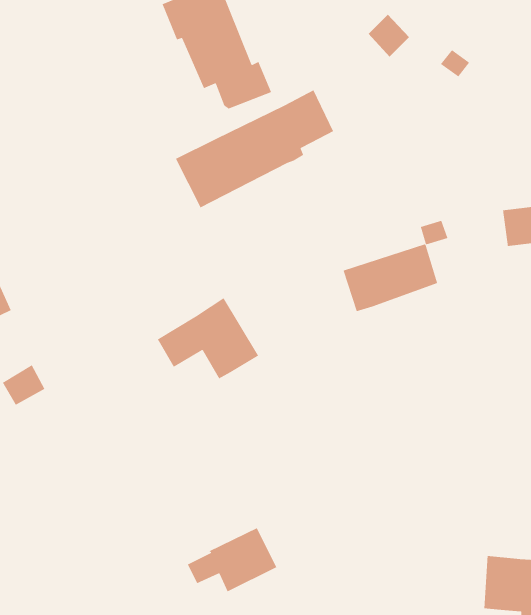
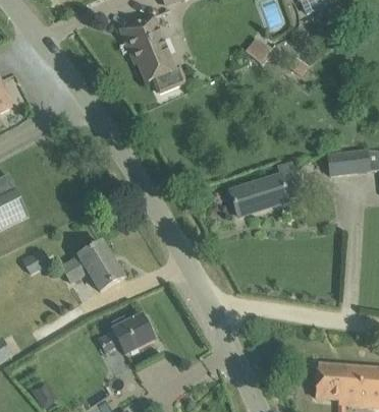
building: [175,89,334,208] -> none
building: [157,297,259,379] -> [61,241,123,291]
building: [187,527,277,593] -> [100,314,155,354]

